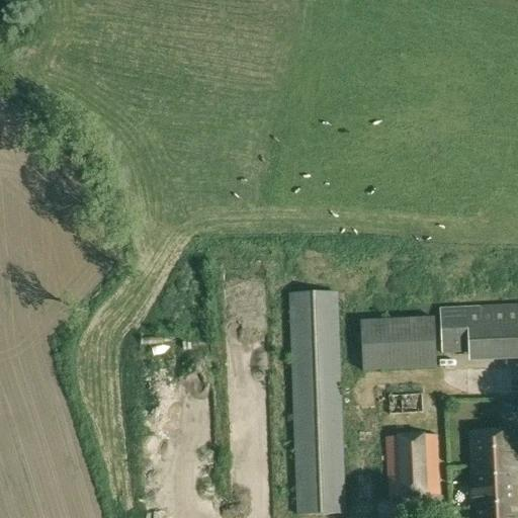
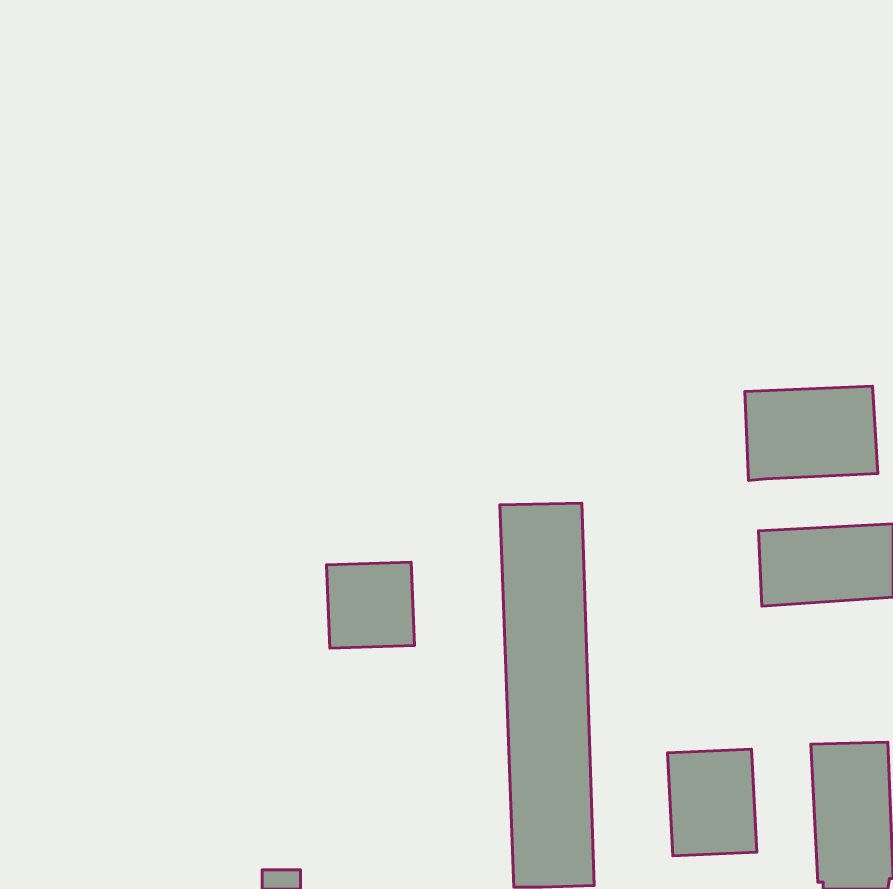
building: [360,317,437,371] -> [745,386,878,480]
building: none -> [327,562,415,648]

